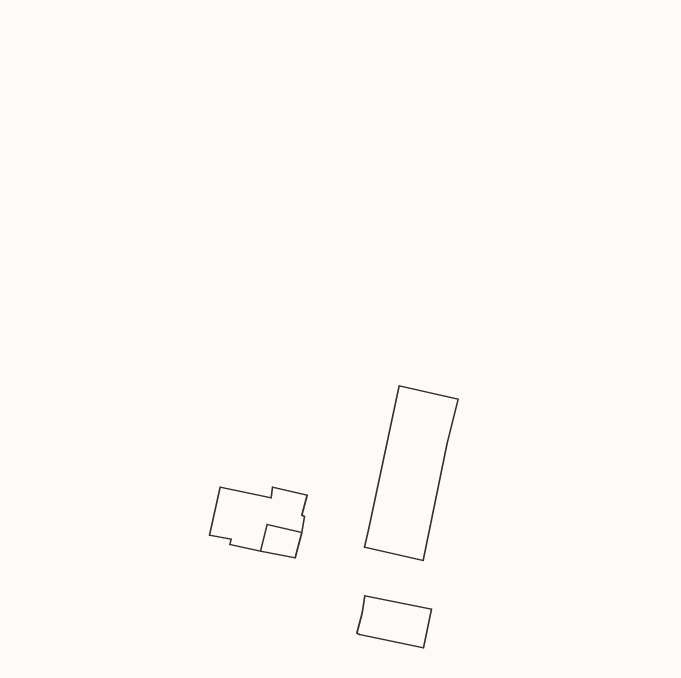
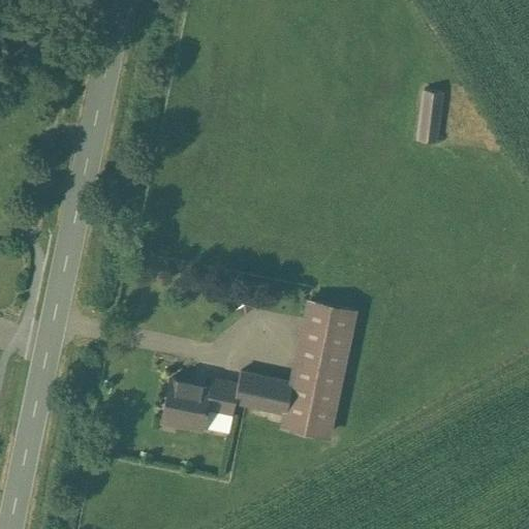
building: none -> [416,89,449,144]
building: [357,596,432,648] -> [235,373,292,413]

